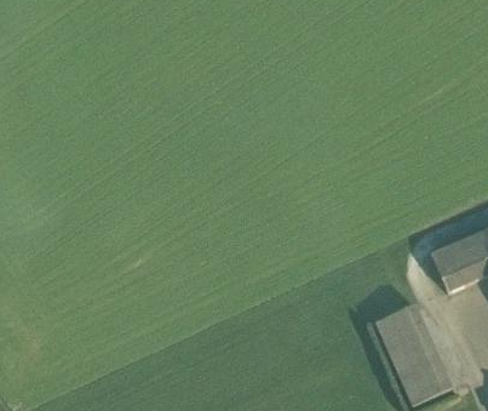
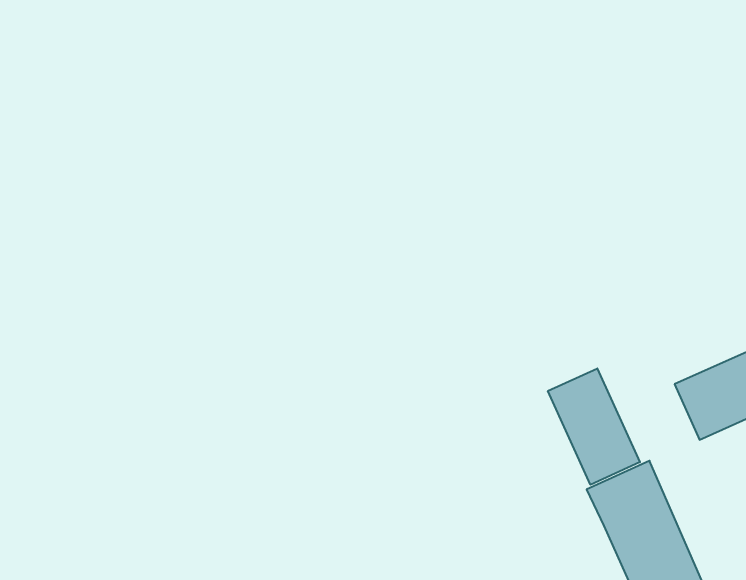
building: none -> [548,368,640,485]

